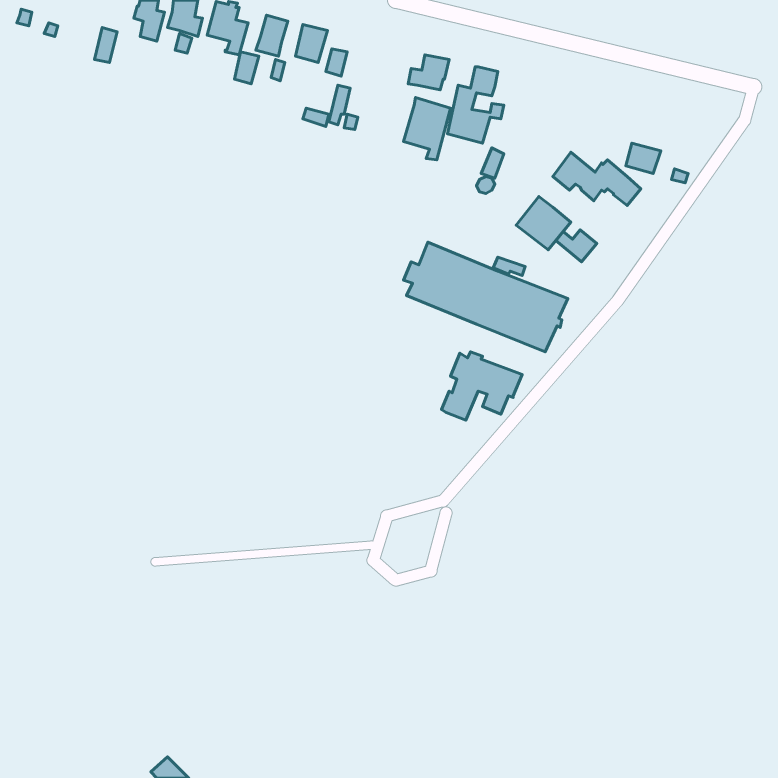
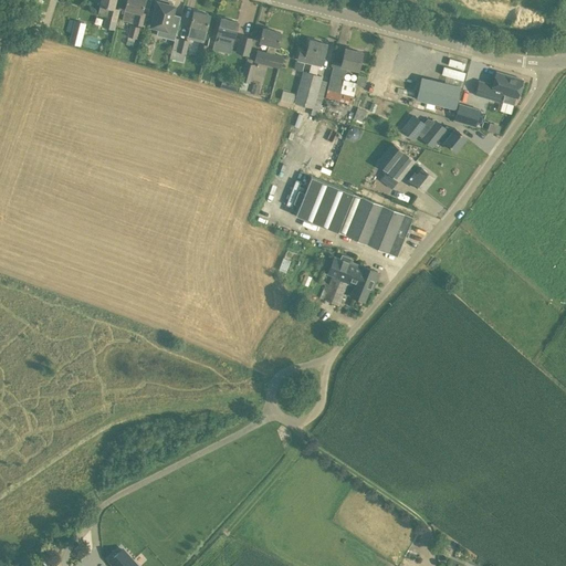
building: none -> [253,28,283,69]
building: none -> [474,72,522,104]
building: none -> [416,77,460,108]

